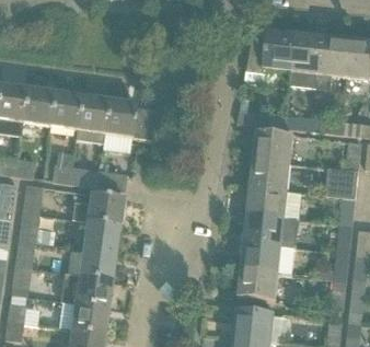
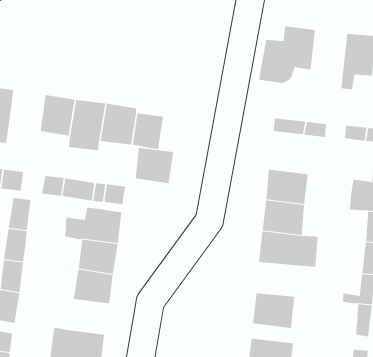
building: [290,33,323,85] -> none
building: [22,86,54,124] -> none
building: [253,130,292,162] -> none
building: none -> [135,147,174,184]
building: [242,241,294,273] -> none
building: [60,271,112,305] -> none

